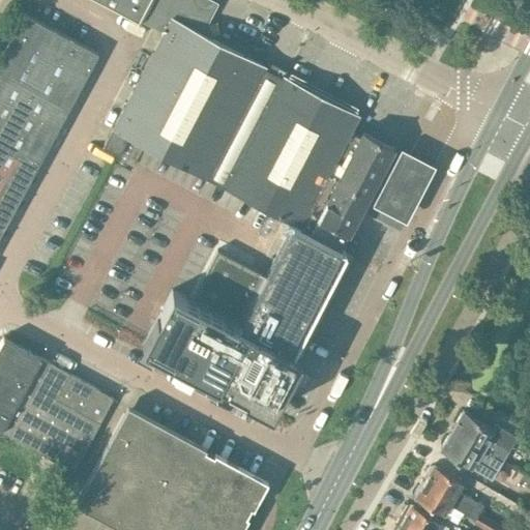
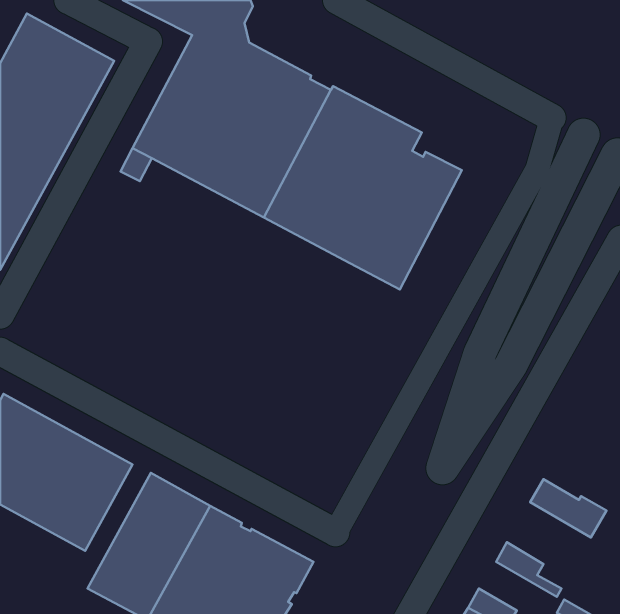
building: [371,141,434,214] -> none
building: [142,228,342,416] -> none
building: [441,434,504,474] -> none
building: [413,484,475,522] -> none

